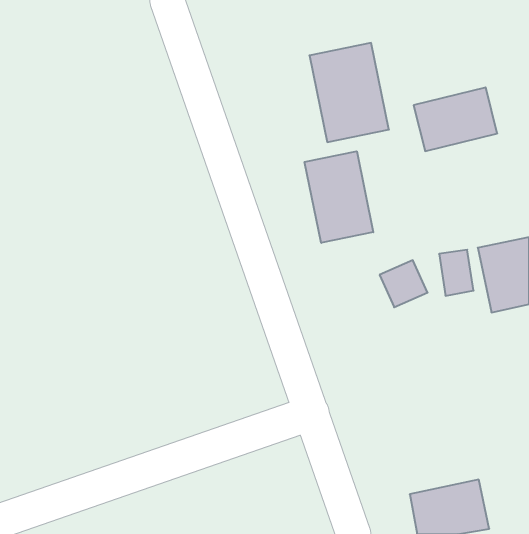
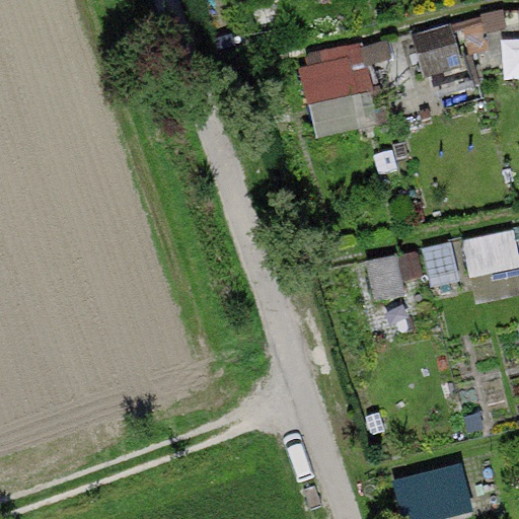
building: [414,87,497,151] -> [412,14,493,76]
building: [305,151,373,243] -> none

